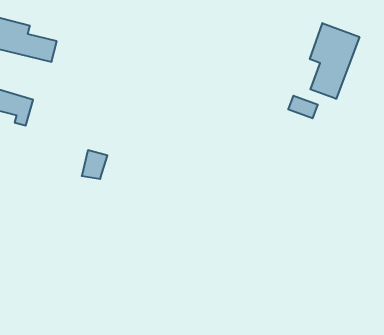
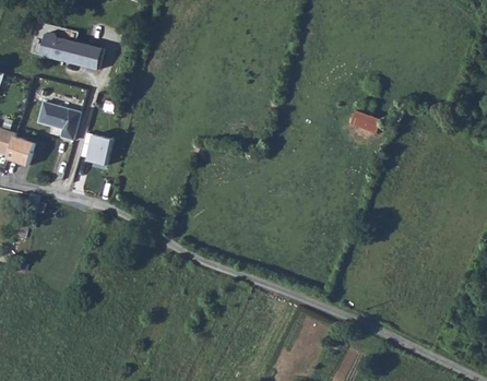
building: [310,23,359,99] -> none
building: [82,150,107,179] -> [86,133,114,164]

